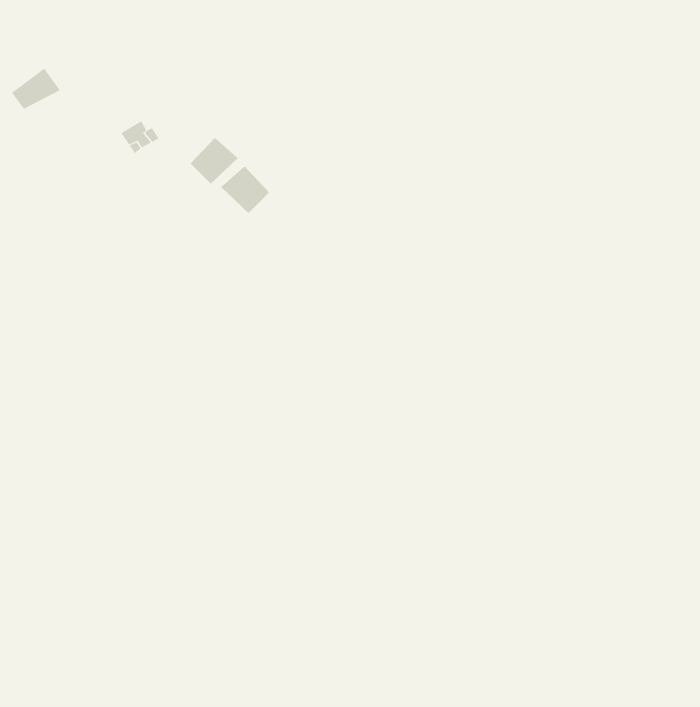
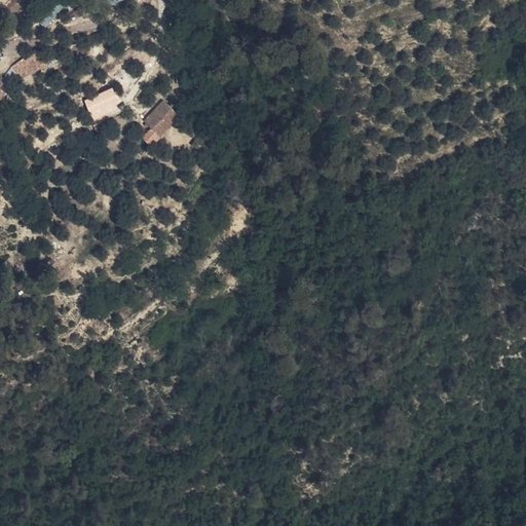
building: [220,166,270,214] -> none

